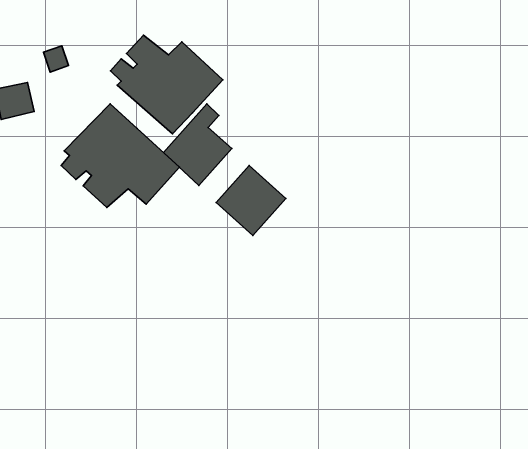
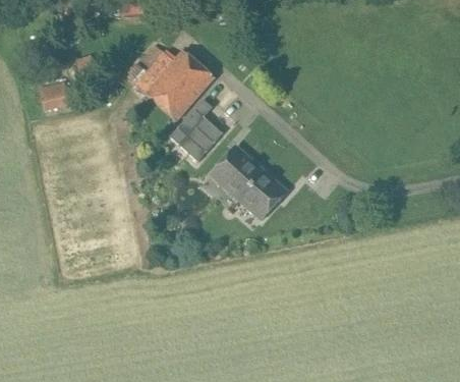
building: [61,104,179,207] -> none
building: none -> [238,171,286,220]

